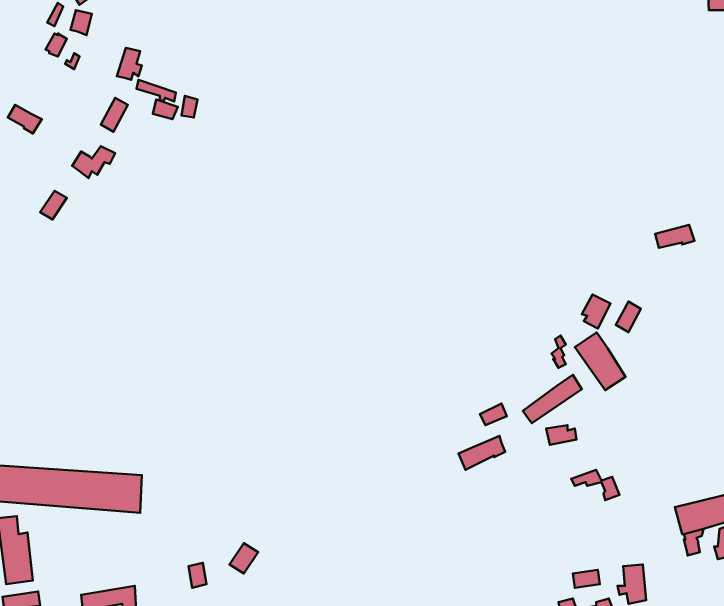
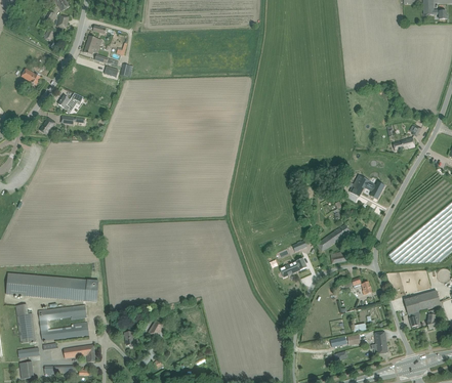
building: [575,332,626,390] -> none
building: none -> [38,305,89,340]

